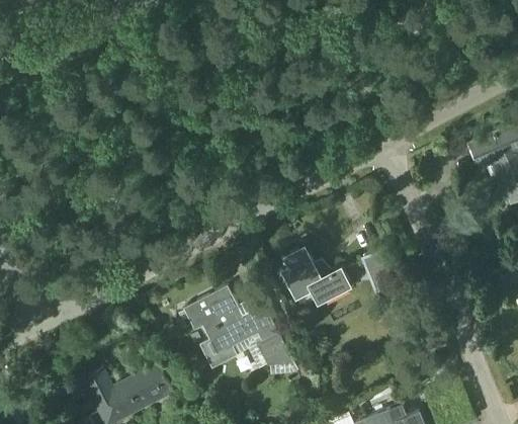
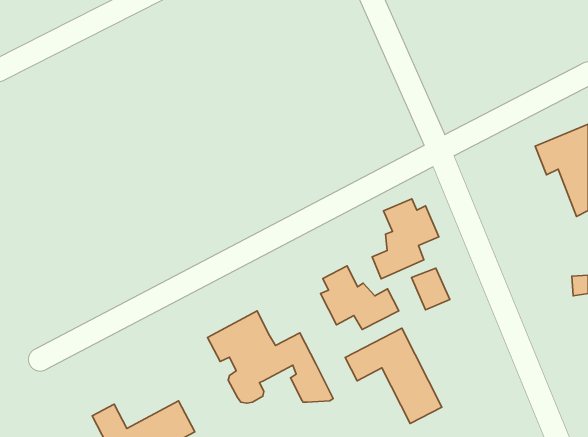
building: none -> [372,199,439,279]
building: none -> [345,328,442,424]

